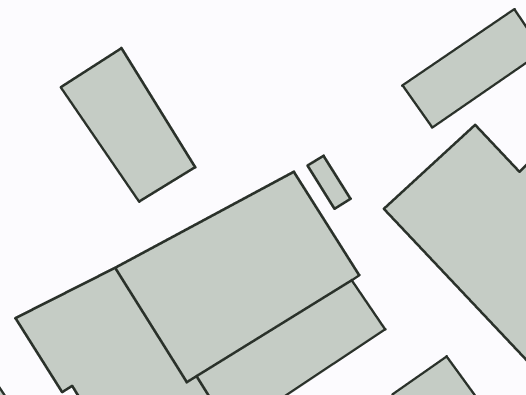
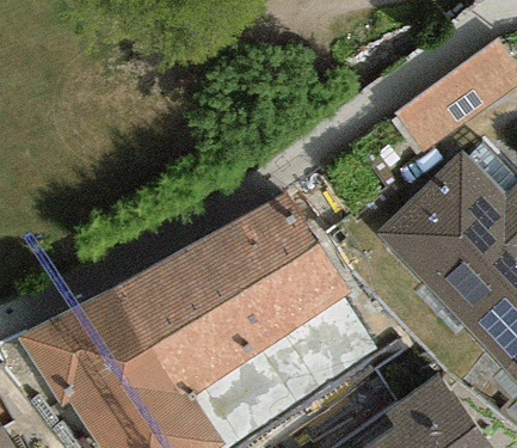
building: [61,48,195,202] -> none

